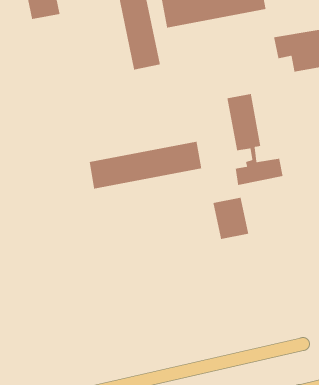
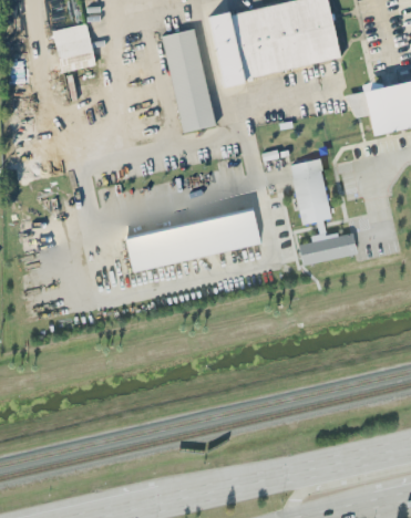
building: [213,197,249,240] -> none

